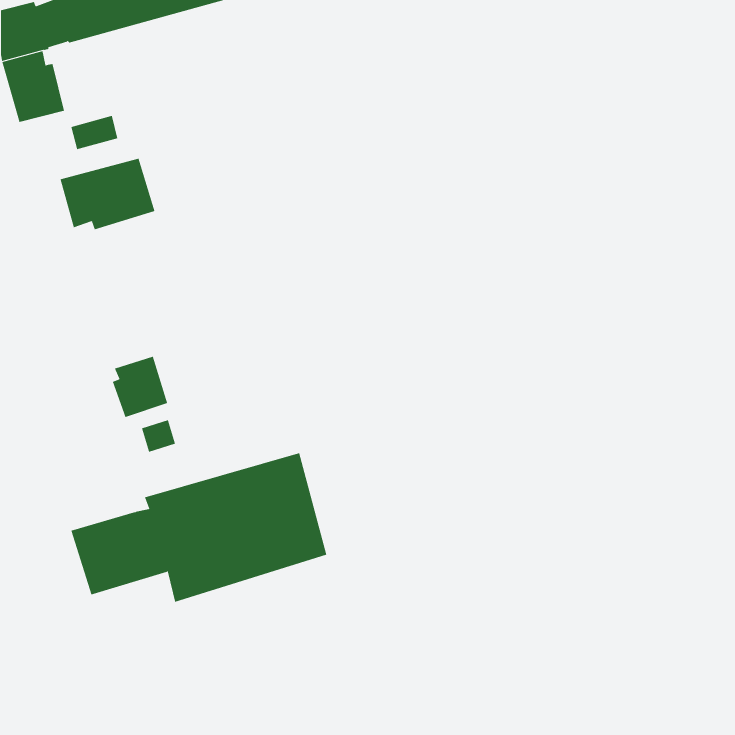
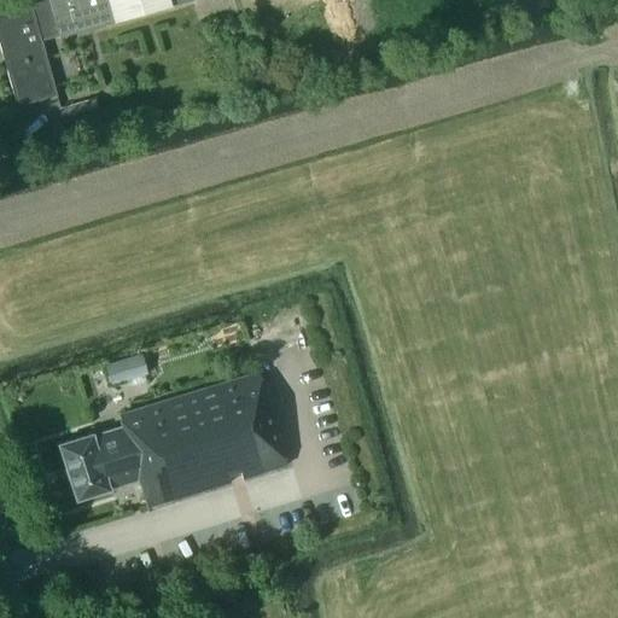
building: [60,158,155,230] -> none
building: [112,356,168,418] -> none

